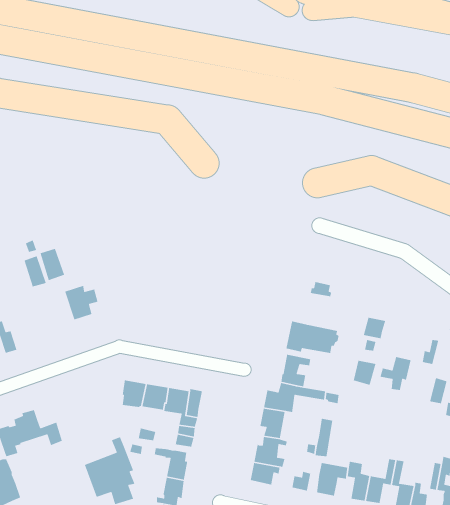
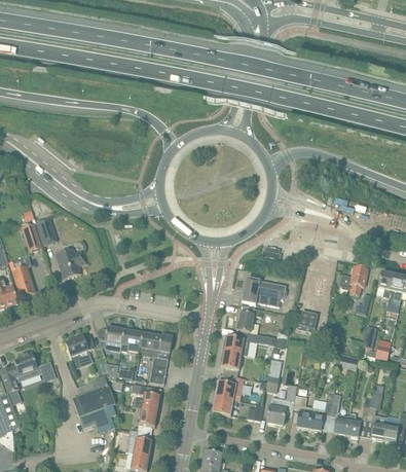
building: none -> [8,256,35,296]
building: [380,356,412,391] -> [341,266,368,295]
building: none -> [66,334,94,367]

